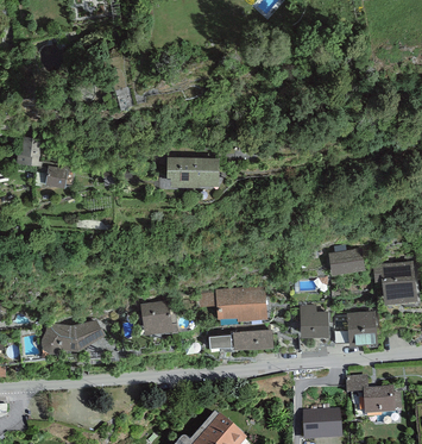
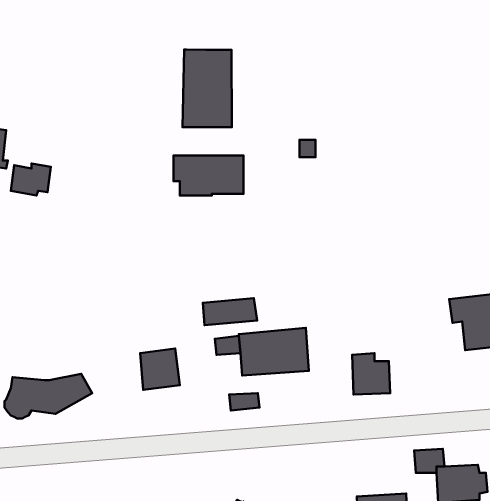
building: none -> [183,49,232,127]
building: [328,248,365,274] -> none
building: [346,311,378,344] -> none
building: [233,329,273,349] -> [203,298,257,325]

